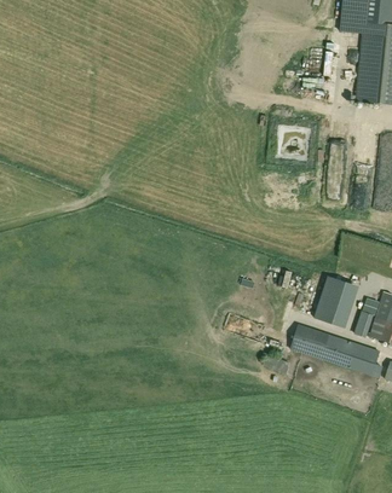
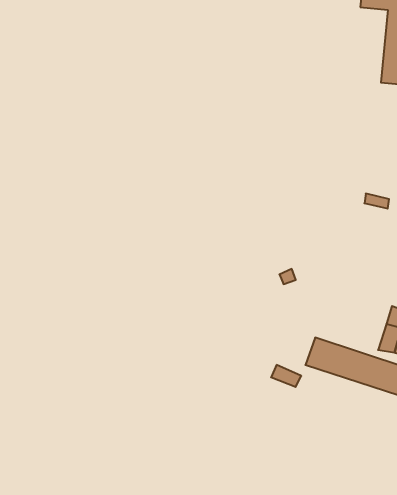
building: [313,277,359,330] -> none

